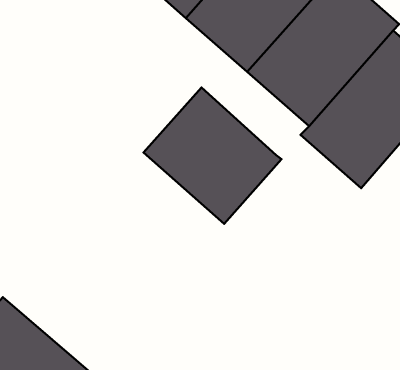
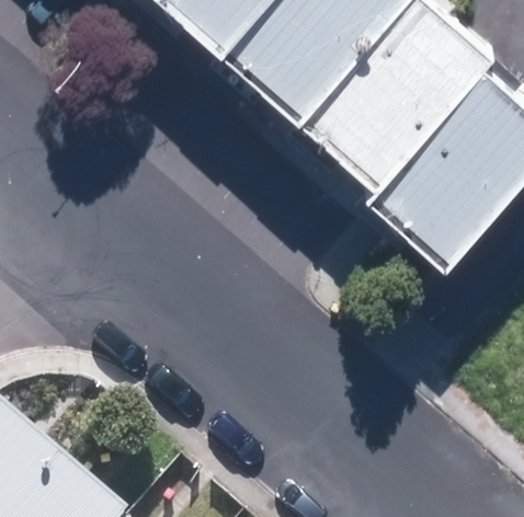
building: [143,88,282,224] -> none

